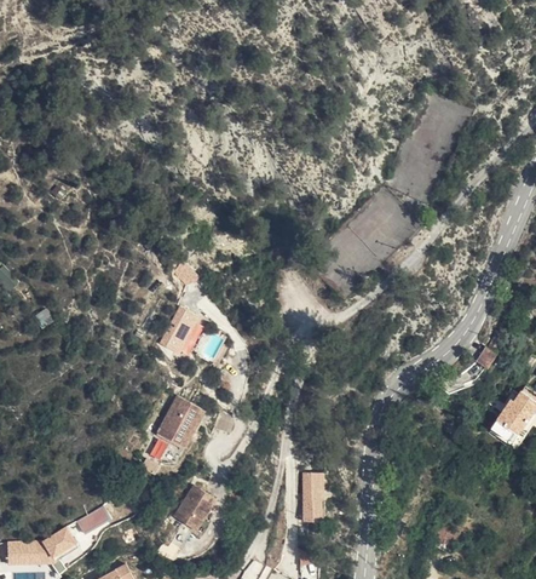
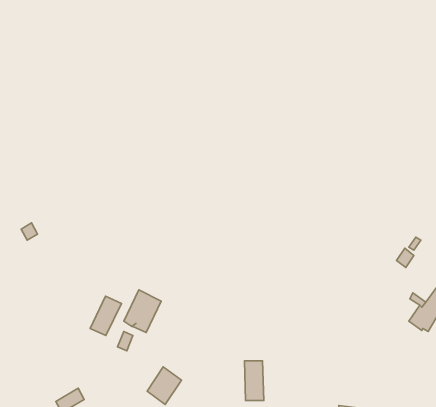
building: [157,310,206,362] -> none
building: none -> [90,296,122,336]

